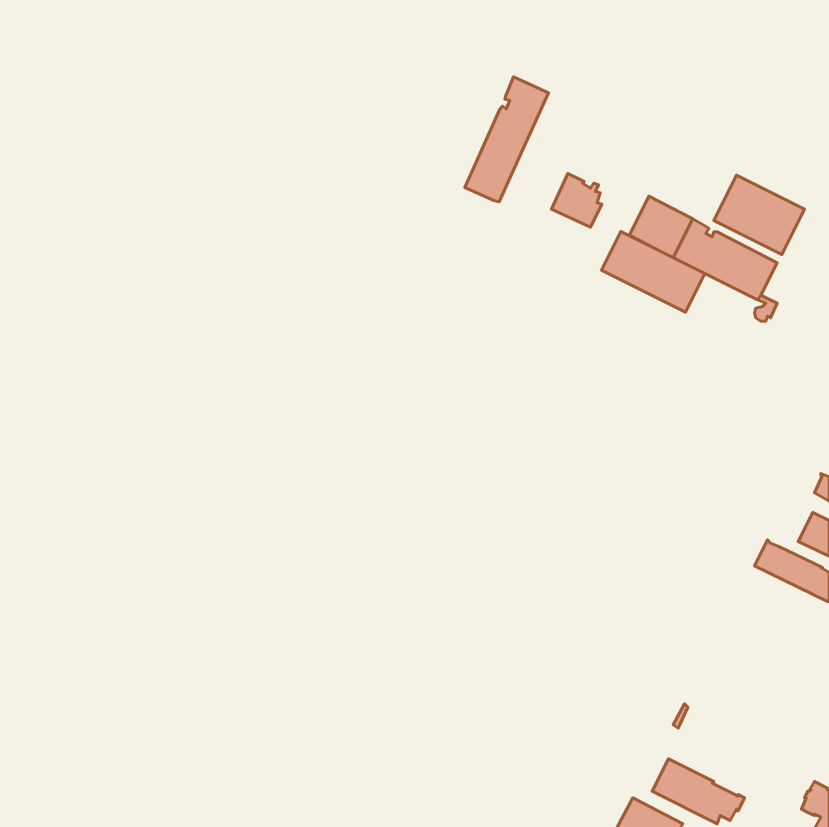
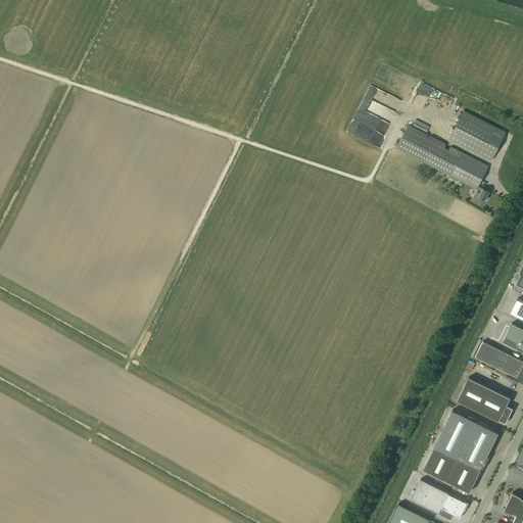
building: [465,77,549,202] -> none
building: [601,232,705,312] -> none
building: none -> [458,378,513,424]
building: none -> [424,411,498,492]

